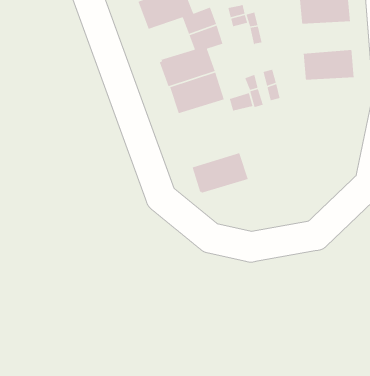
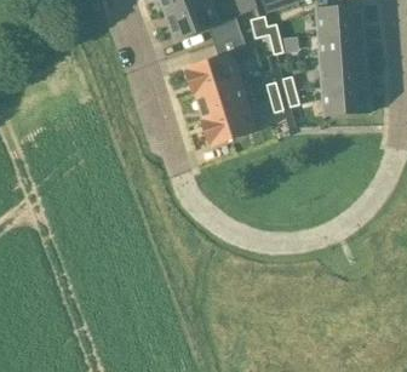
building: none -> [319,33,366,62]
building: none -> [322,85,369,115]
building: [192,152,249,194] -> [202,105,256,144]

